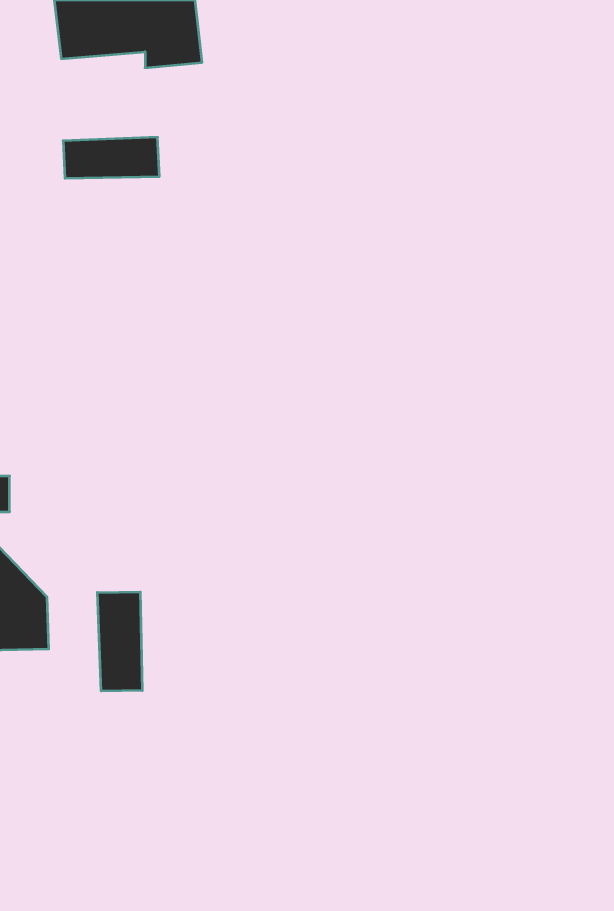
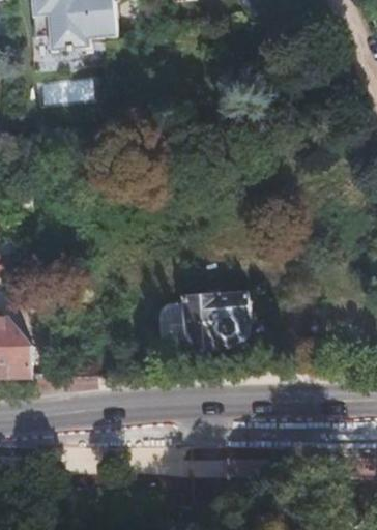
building: none -> [172,296,237,350]
building: [97,592,142,691] -> none

